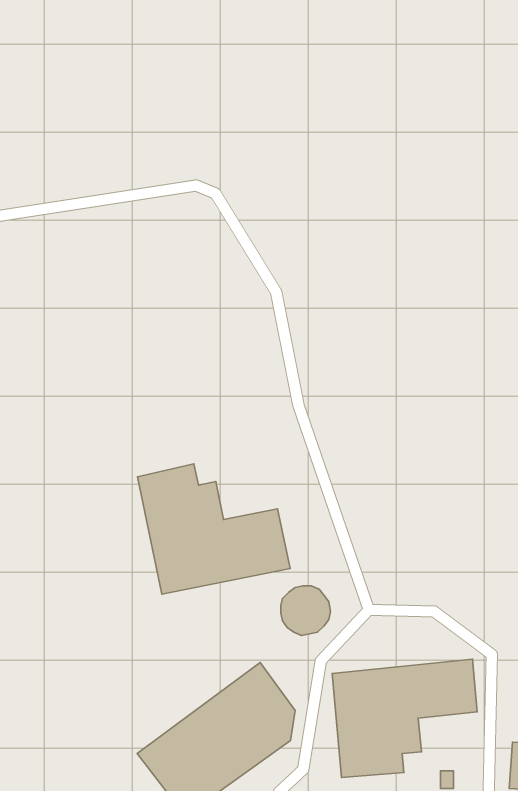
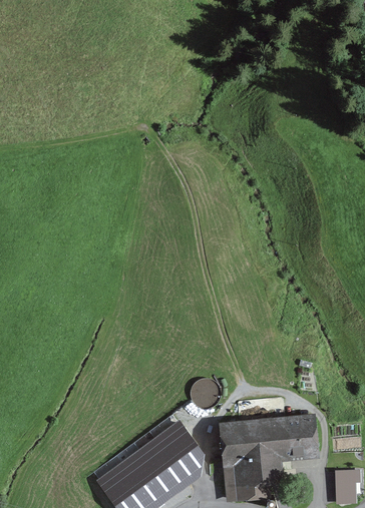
building: [137,464,290,594] -> none

